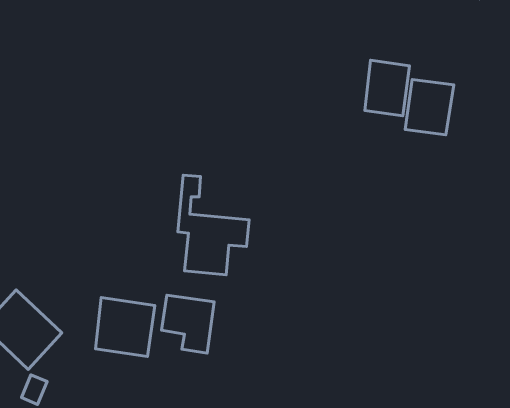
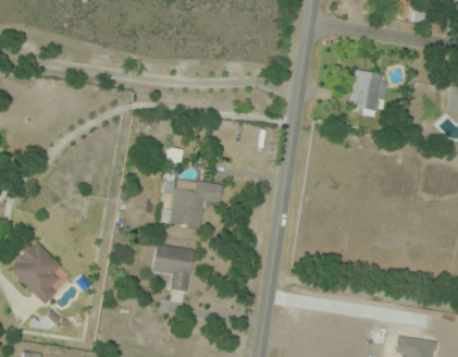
building: [365,60,409,116] -> none
building: [96,297,155,357] -> none

